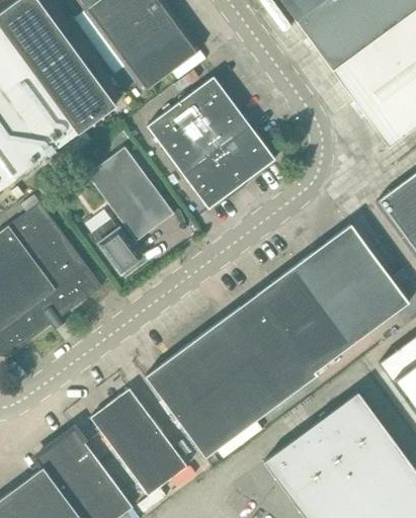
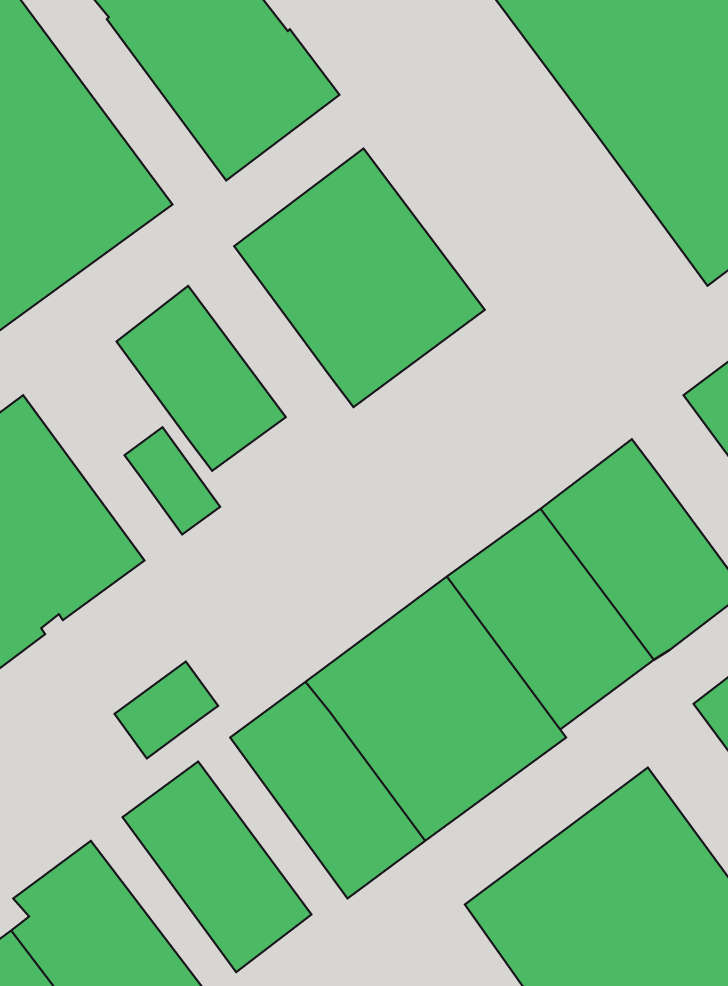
building: none -> [114,661,218,758]

